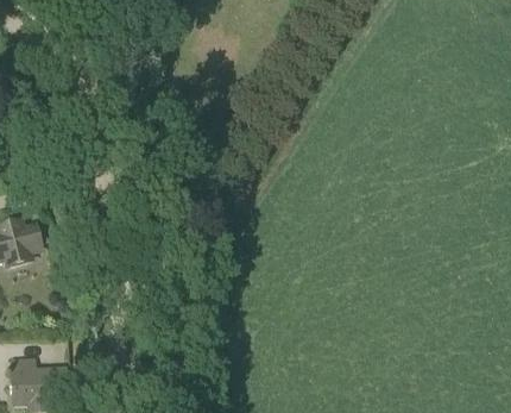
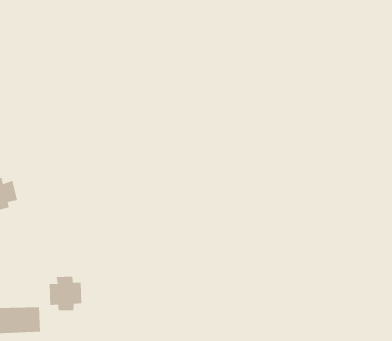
building: none -> [49,276,82,311]

